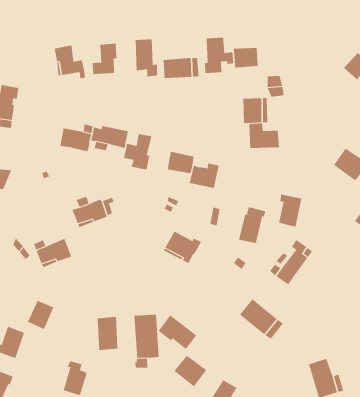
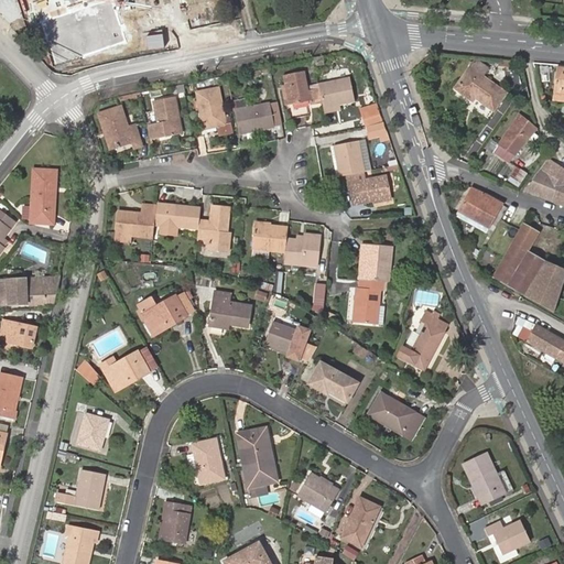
building: [278,194,302,227] -> [361,241,389,280]
building: none -> [210,290,251,327]
building: [27,300,54,330] -> [77,413,108,448]
building: [158,315,197,350] -> [308,360,358,401]

